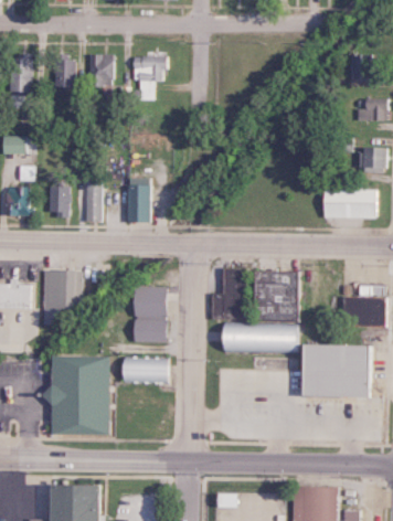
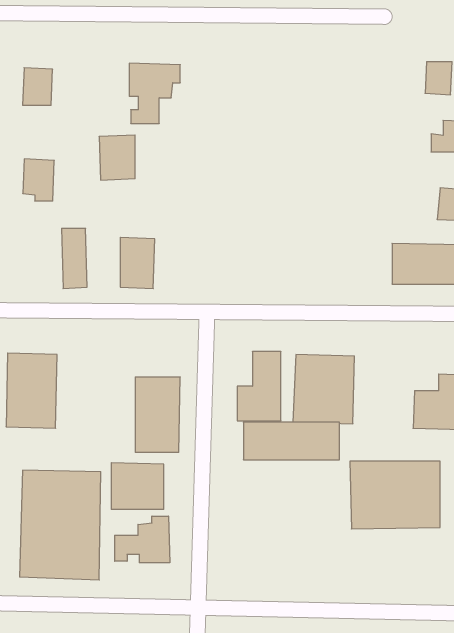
building: [89,54,116,87] -> [99,135,135,180]
building: [47,185,71,216] -> [23,159,54,201]
building: none -> [115,516,170,563]

